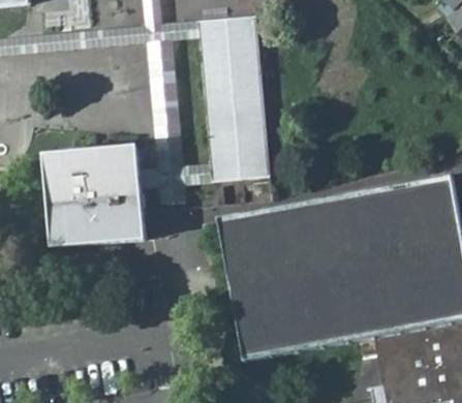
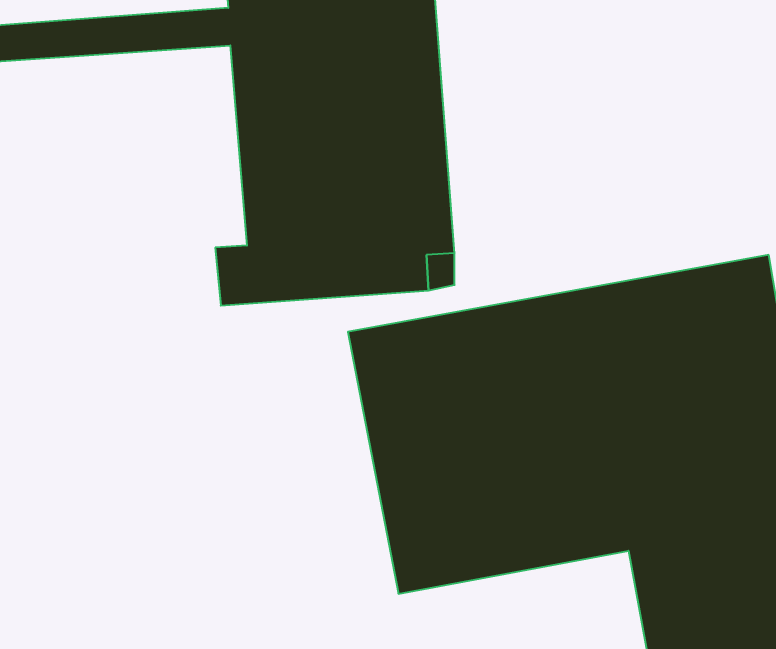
building: [47,145,147,248] -> none

